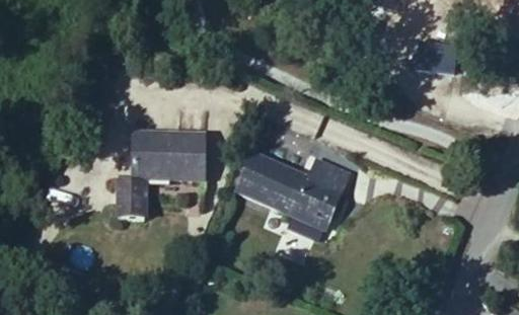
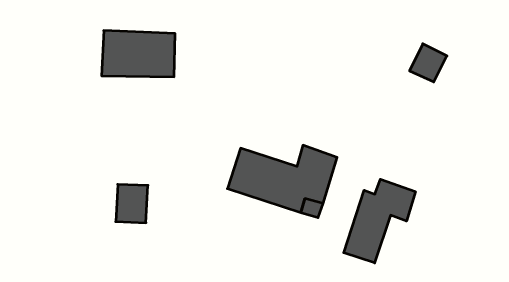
building: [130,137,204,183] -> [102,31,175,77]
building: none -> [344,179,415,263]

